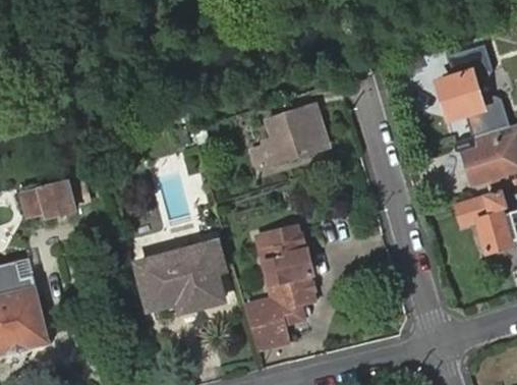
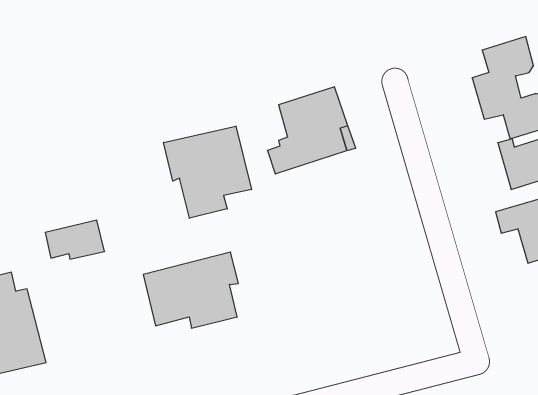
building: none -> [163,126,252,218]
building: [22,182,76,218] -> [45,220,105,259]
building: [234,224,318,354] -> none

